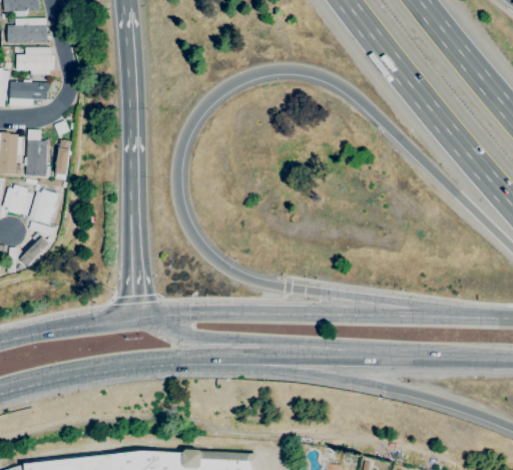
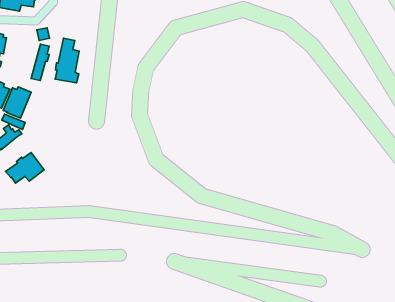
building: [24,130,50,177] -> [55,38,79,83]
building: none -> [5,153,44,183]

